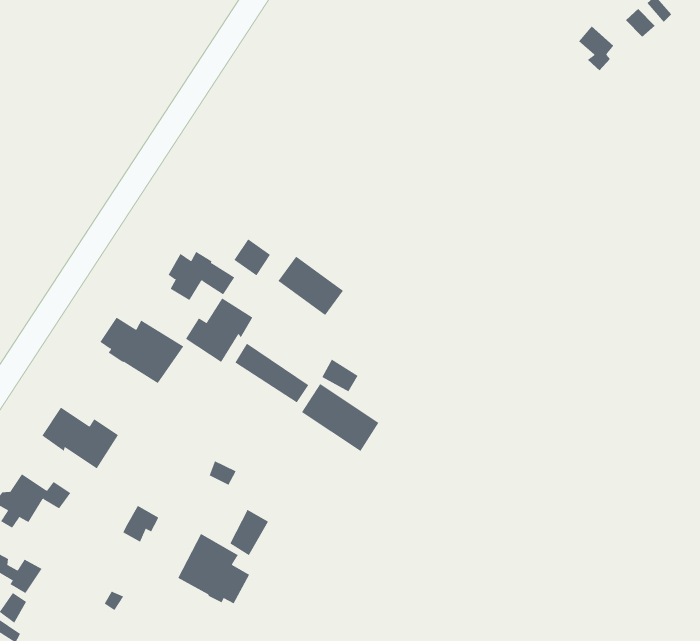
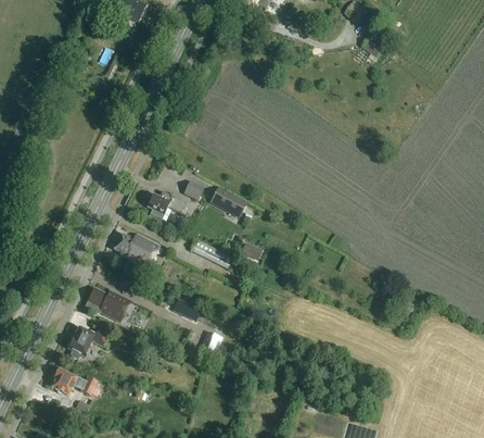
building: [185,297,253,363] -> none
building: [301,383,379,452] -> none
building: [177,533,250,604] -> none

